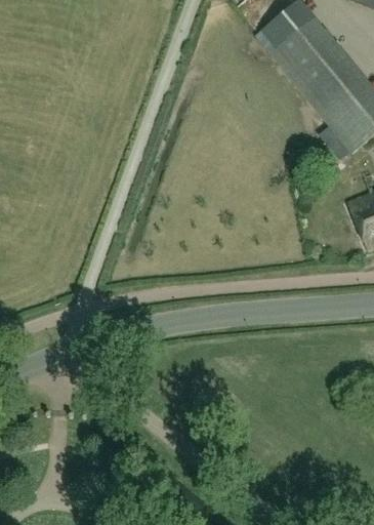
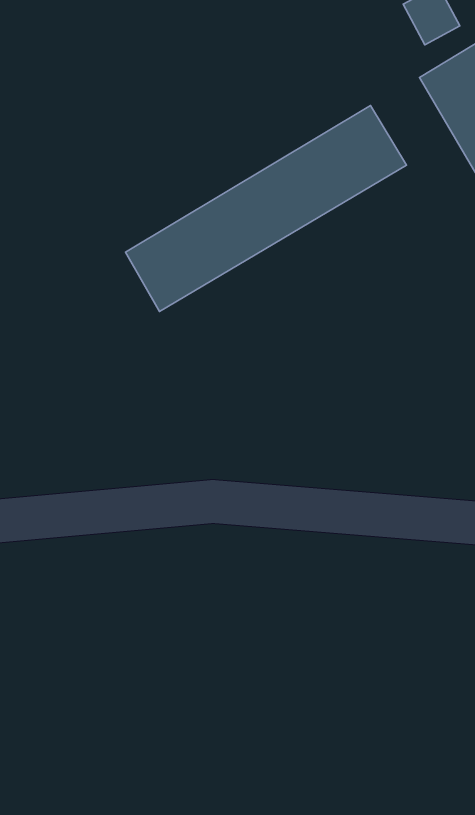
building: none -> [125,106,406,311]

